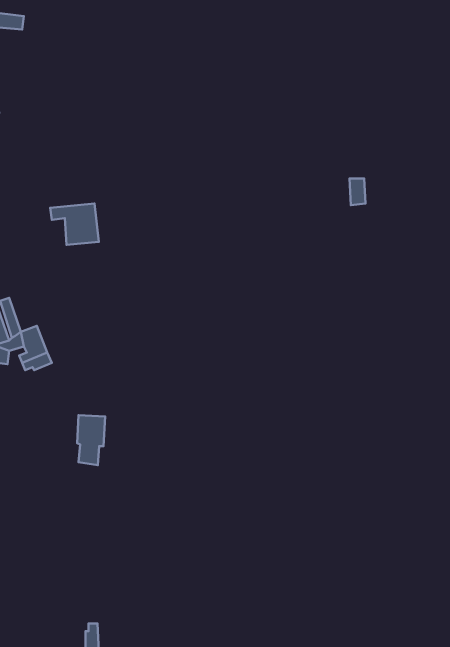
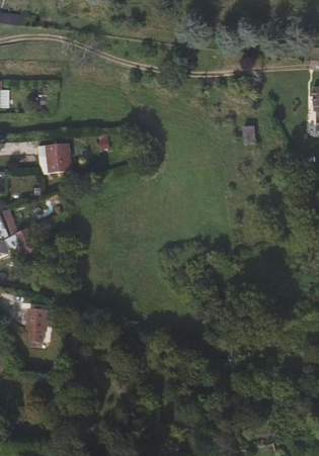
building: [77,415,105,465] -> [28,309,48,344]

